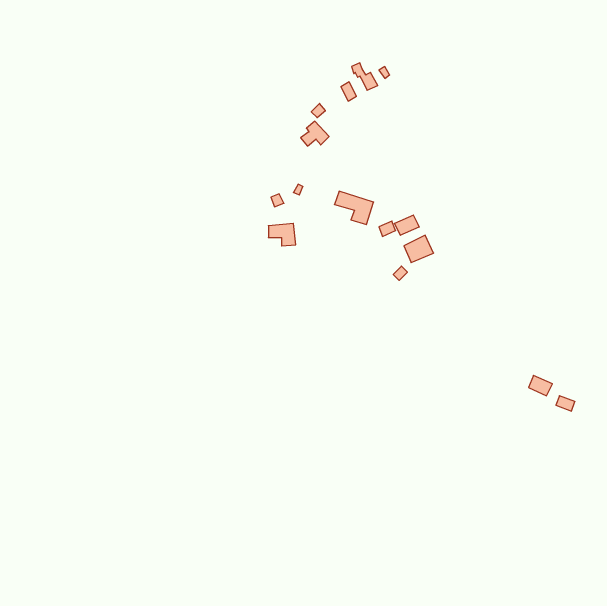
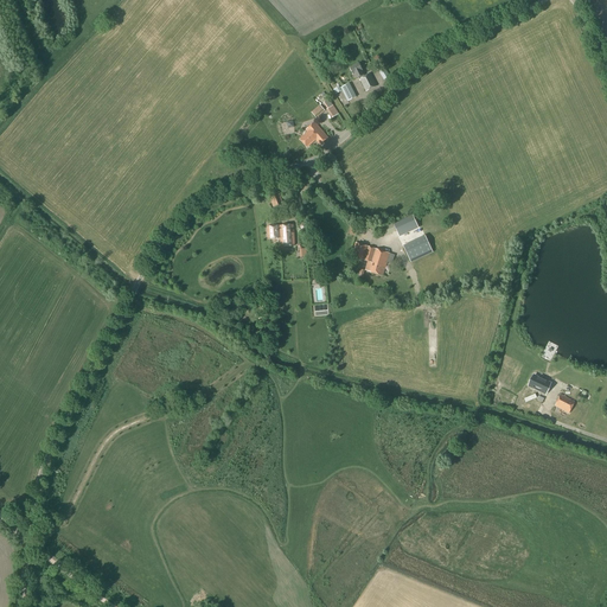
building: [334,191,374,225] -> [351,242,390,275]

